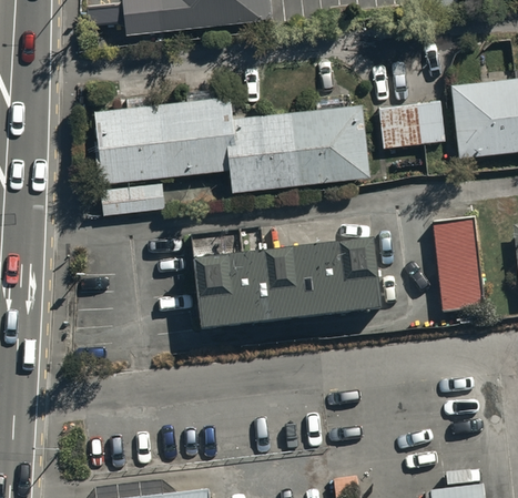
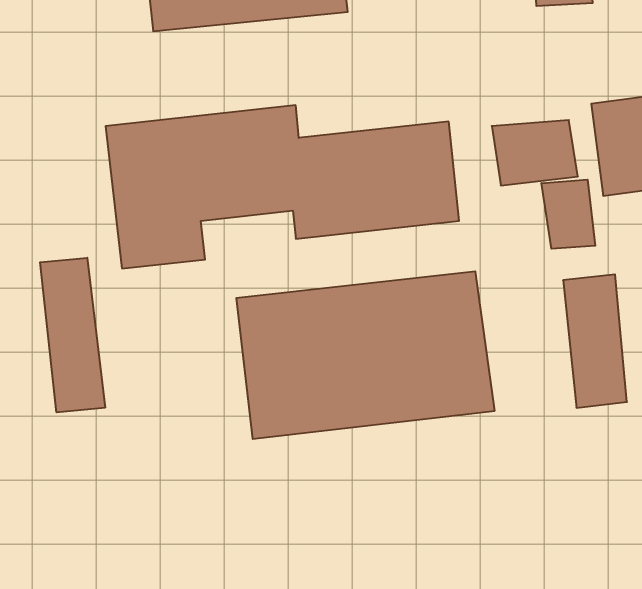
building: none -> [541,180,595,249]
building: none -> [40,258,105,412]

